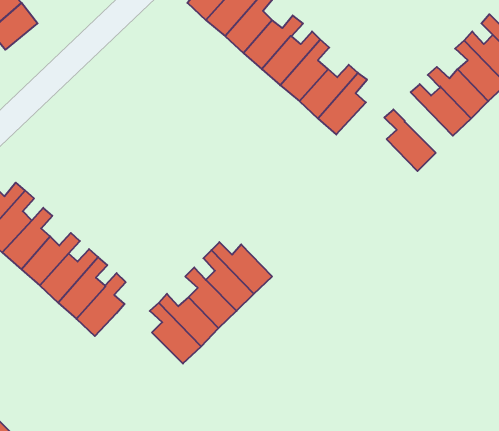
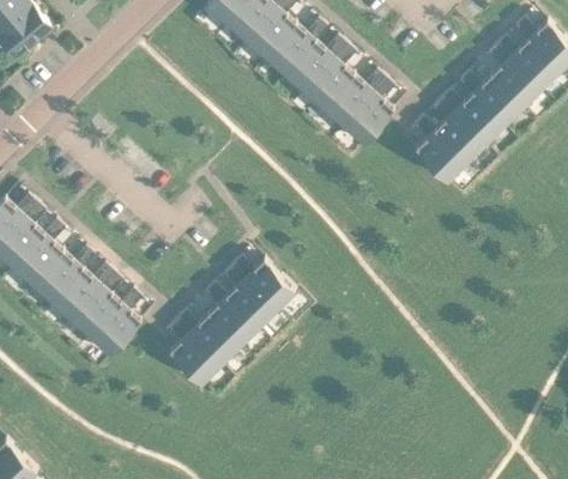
building: none -> [430,98,483,162]

